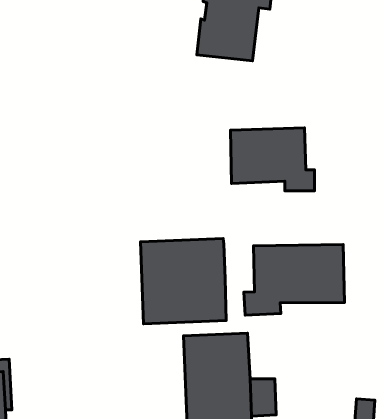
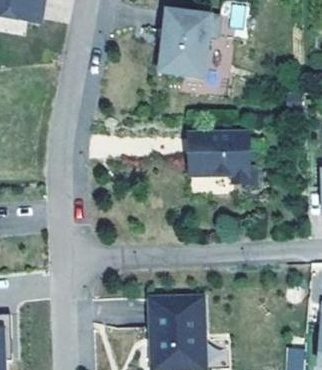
building: [141,239,226,324] -> none
building: [244,245,344,315] -> none

